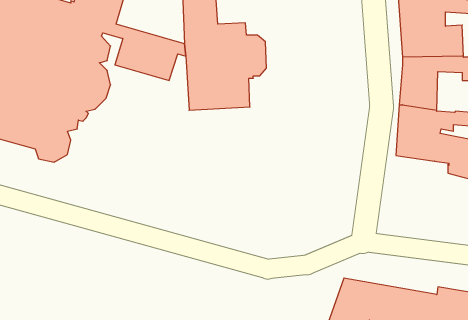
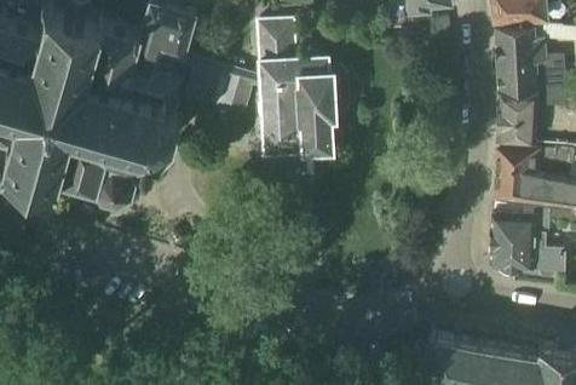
building: none -> [490,206,565,276]

